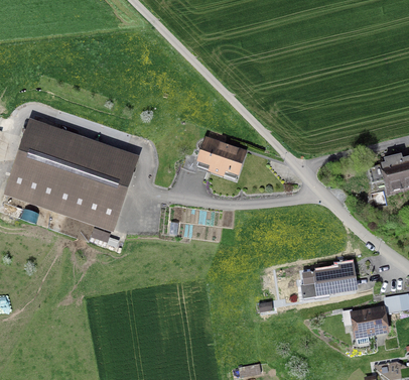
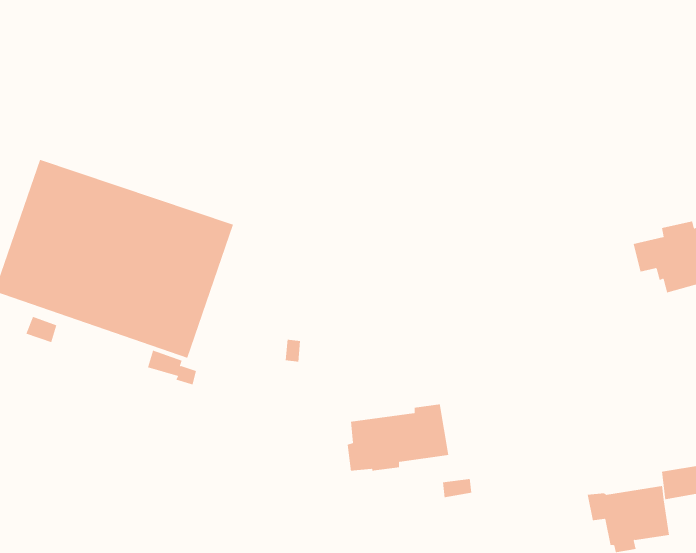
building: [196,135,247,176] -> none
building: [300,261,359,299] -> [347,404,449,471]

